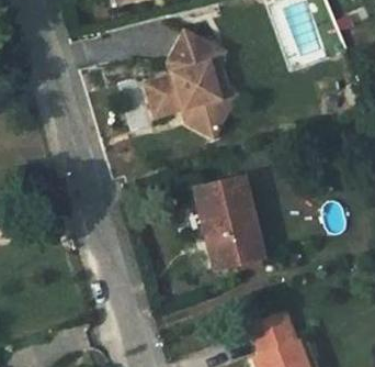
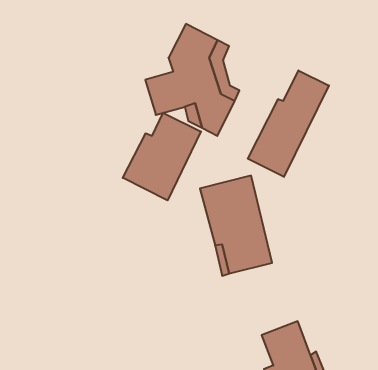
building: none -> [248,70,329,177]
building: none -> [123,113,201,200]

